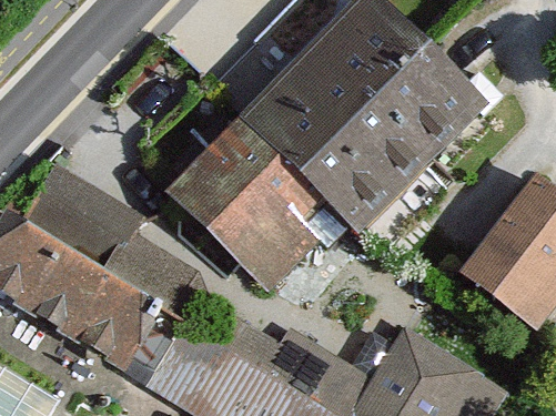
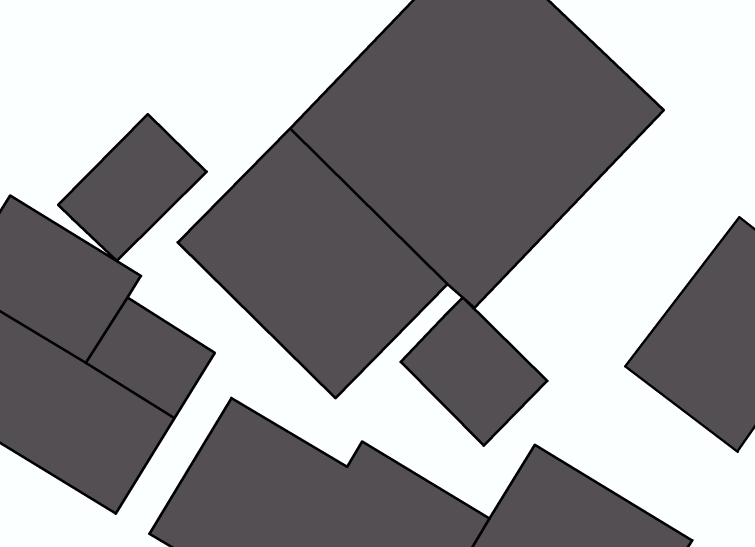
building: none -> [58,114,207,261]
building: none -> [401,298,547,446]

